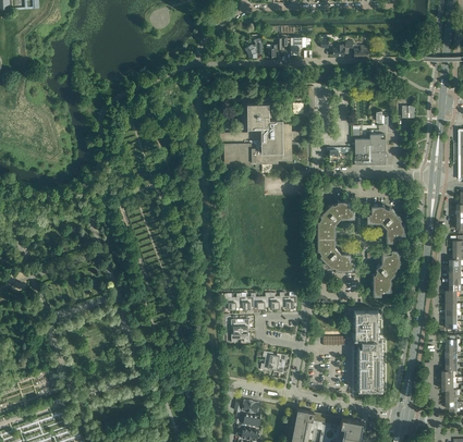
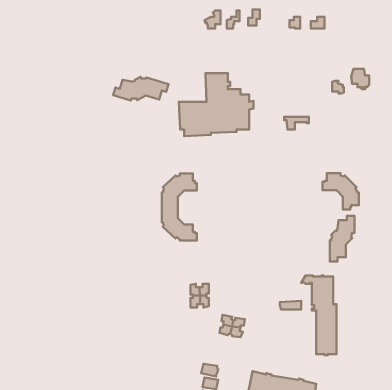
building: none -> [113,77,169,101]
building: [354,135,386,165] -> none
building: [318,201,354,270] -> [162,173,197,241]

